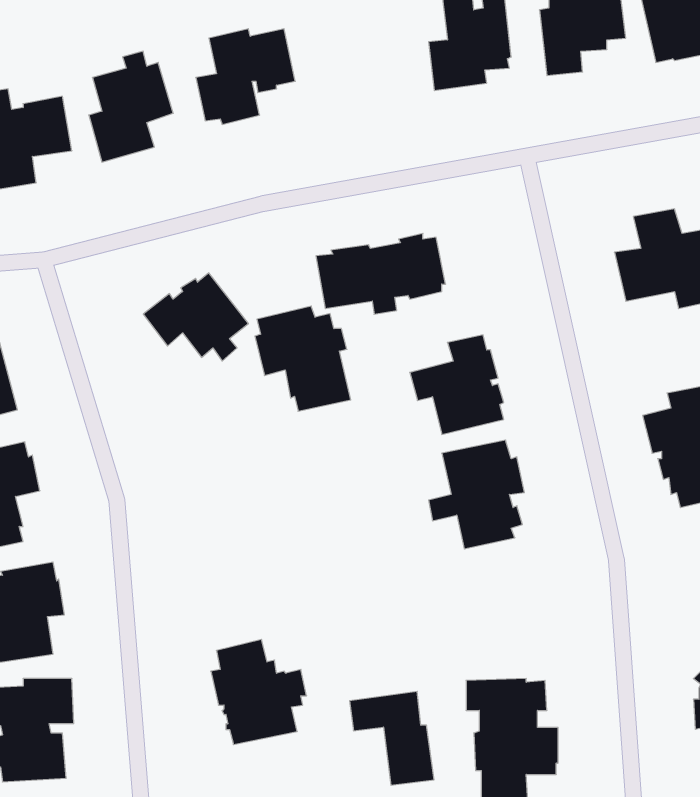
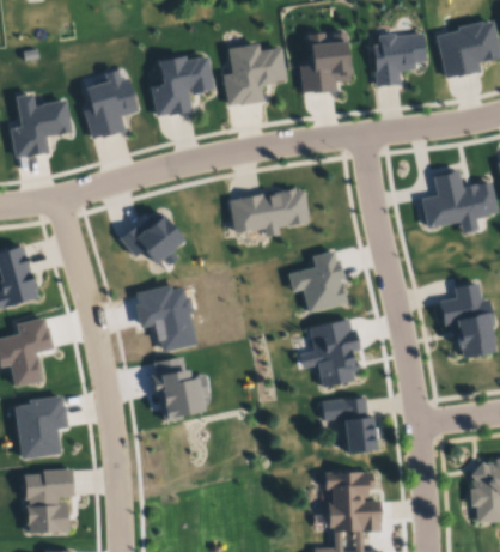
building: none -> [222,43,286,105]
building: [255,306,351,411] -> [134,285,195,352]
building: [211,639,307,745] -> [150,356,211,423]
building: [350,691,434,785] -> [323,395,377,455]

